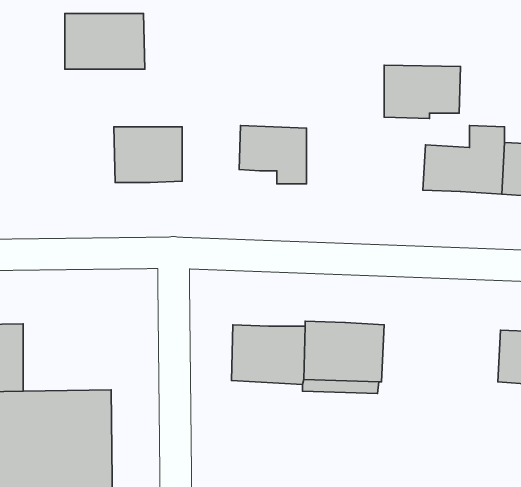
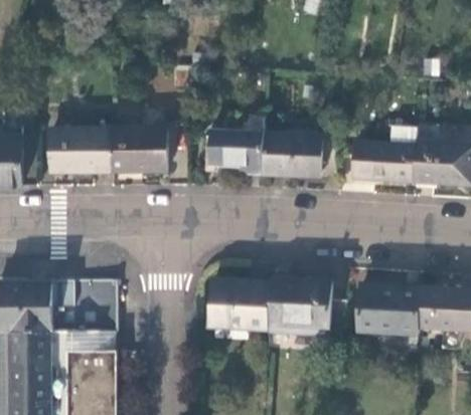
building: [65,14,145,69] -> [54,129,117,172]
building: [384,65,461,118] -> [266,133,325,174]
building: none -> [45,281,114,334]
building: none -> [355,283,417,335]

